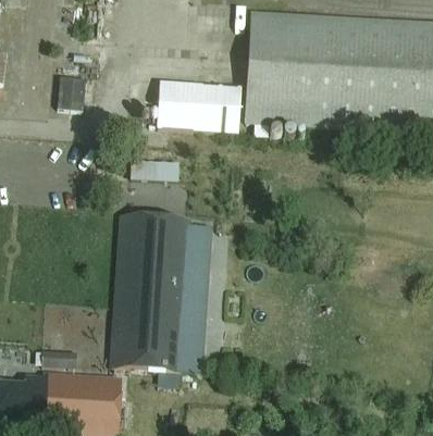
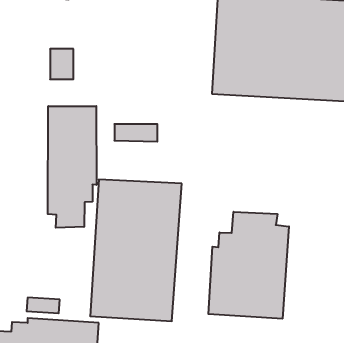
building: [157,79,243,130] -> none
building: none -> [48,106,96,228]
building: none -> [208,212,289,319]

